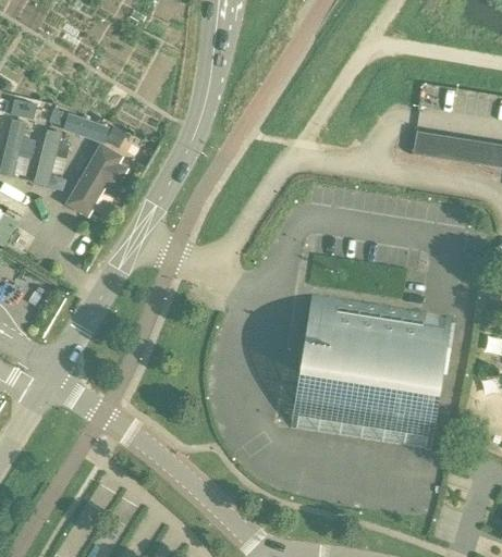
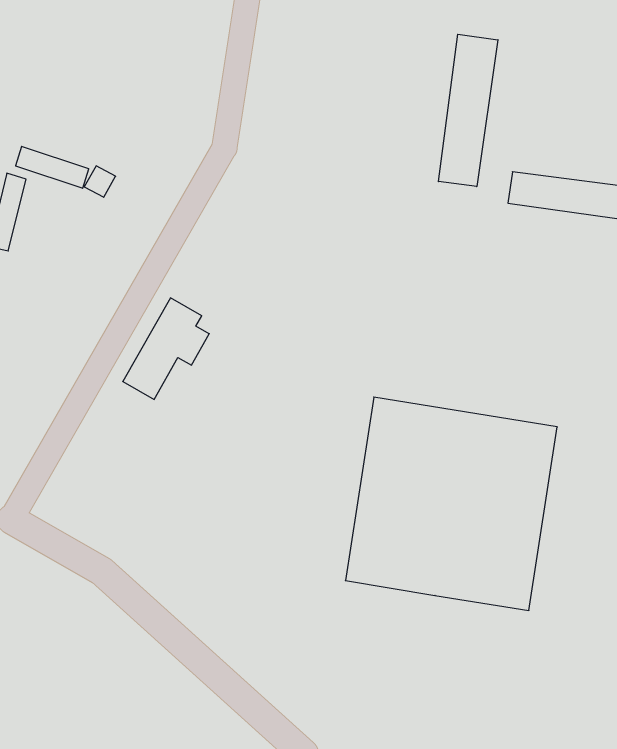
building: none -> [438,34,498,187]
building: [64,144,127,218] -> [123,298,209,399]

